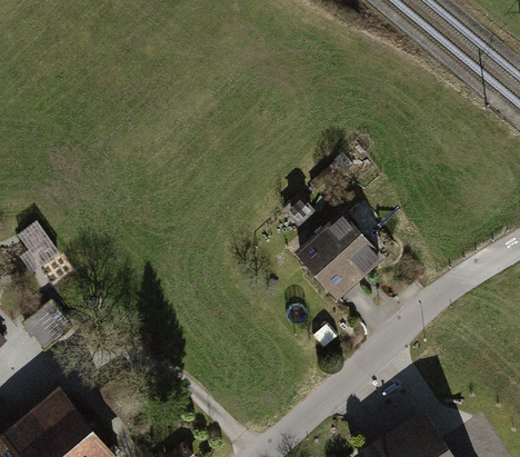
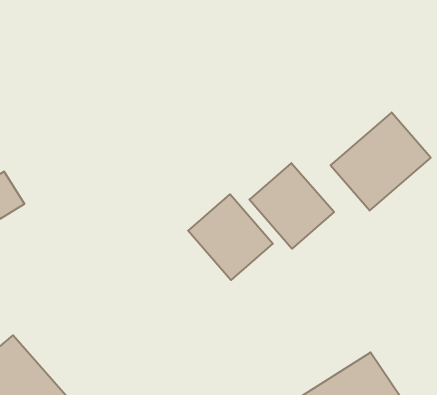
building: none -> [331,112,431,211]
building: none -> [188,194,273,280]

